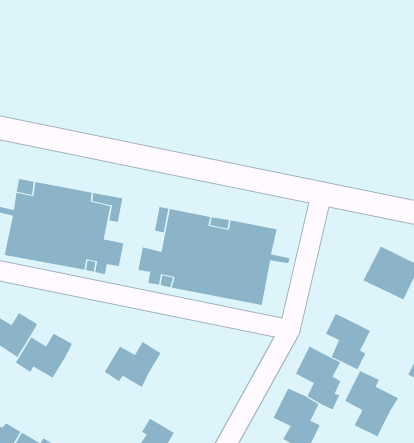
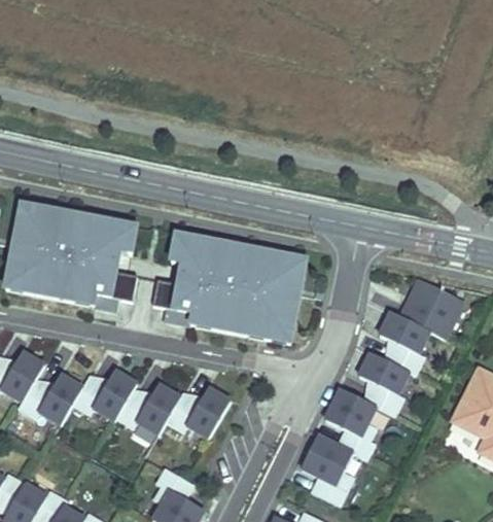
building: none -> [380,311,430,375]
building: none -> [72,370,136,420]
building: none -> [165,387,230,438]
building: [344,370,399,437] -> none

